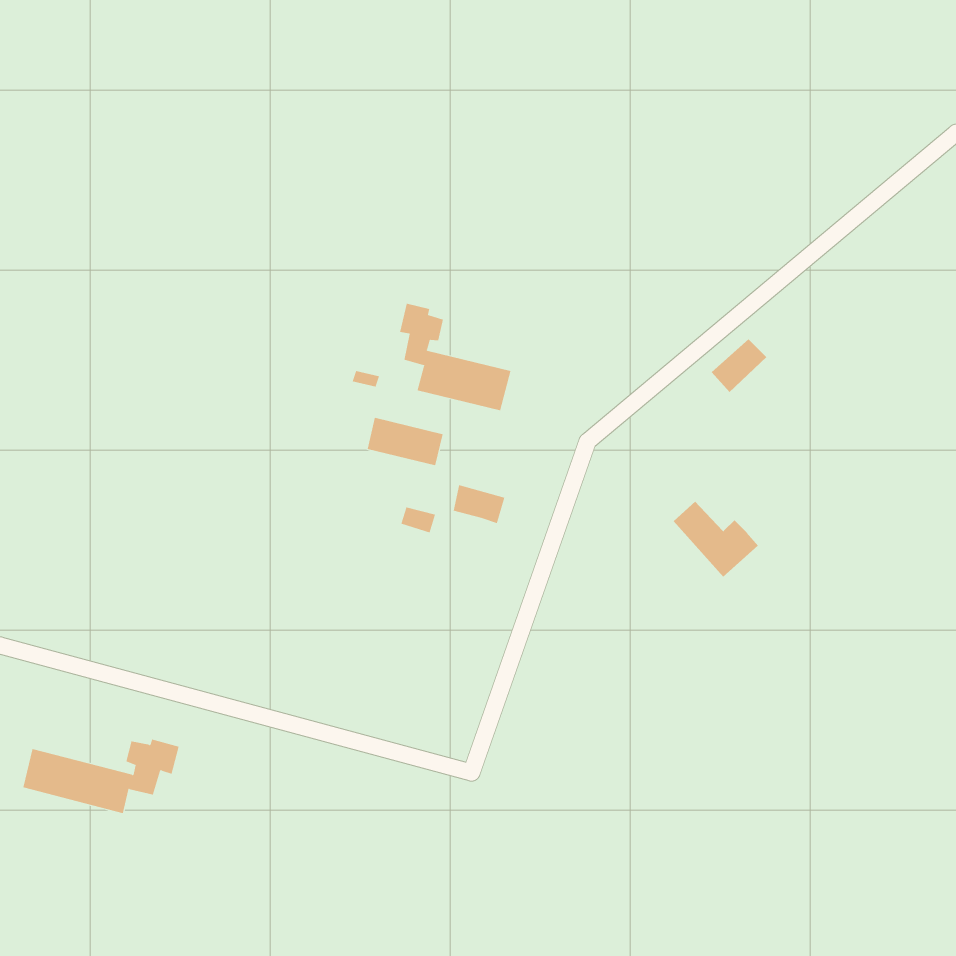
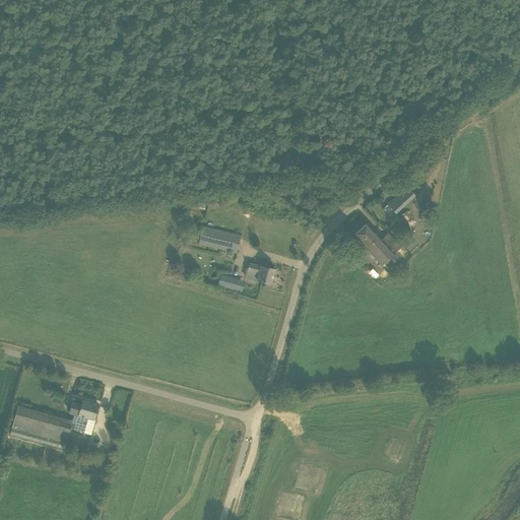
building: [399,303,511,411] -> none
building: [673,501,759,577] -> [353,223,400,265]

